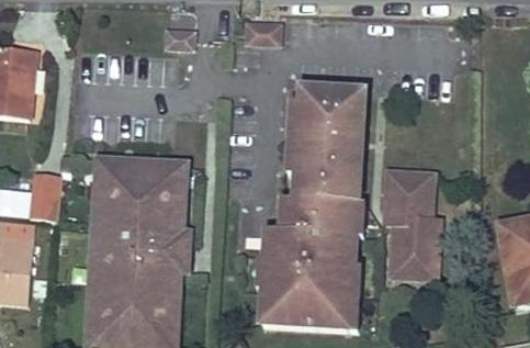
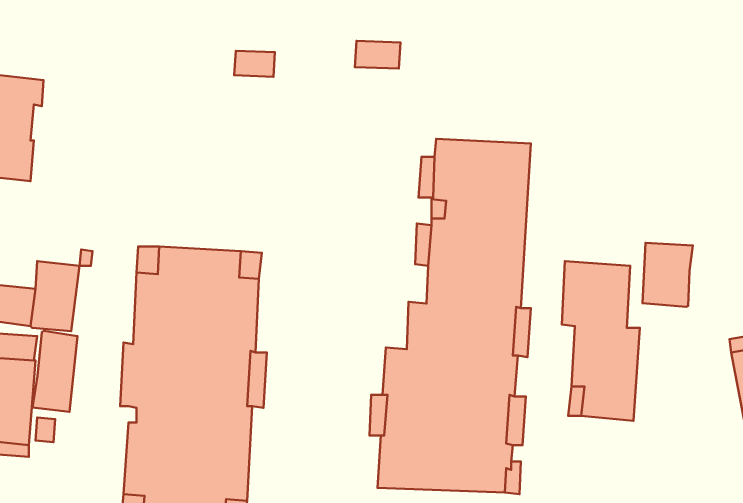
building: none -> [642,243,693,307]
building: none -> [32,331,78,412]

